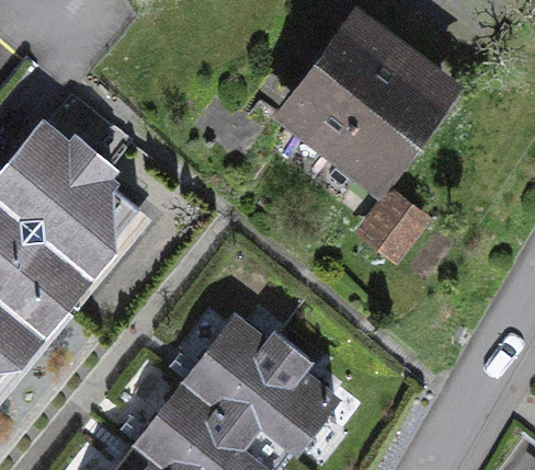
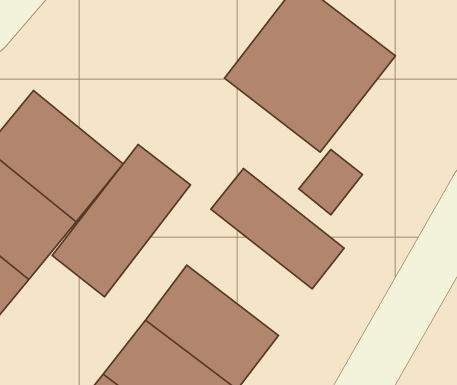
building: none -> [52,145,191,297]
building: none -> [211,168,344,289]

